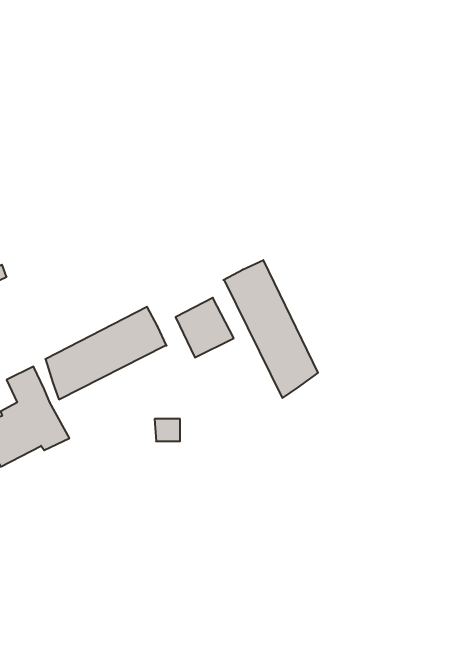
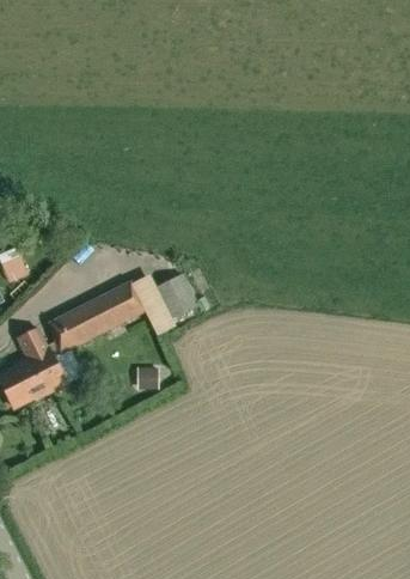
building: [223,260,318,398] -> none

